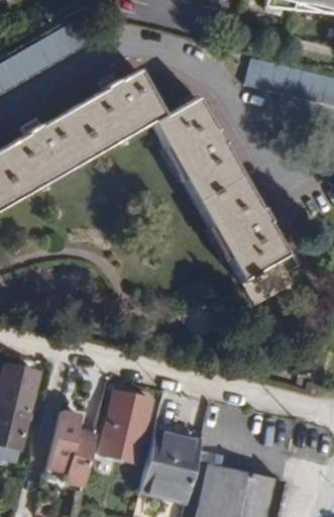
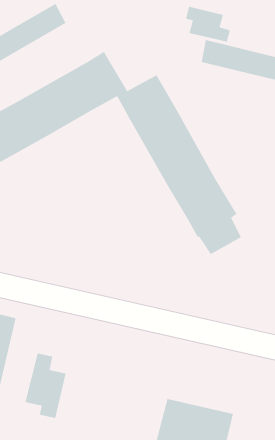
building: none -> [185,6,231,42]
building: [97,391,150,463] -> none
building: [138,430,200,503] -> none

